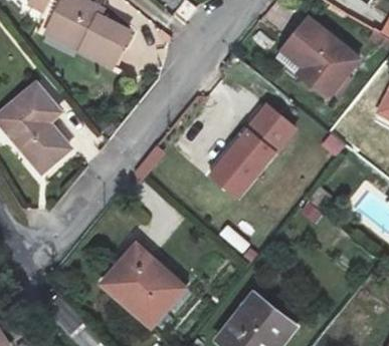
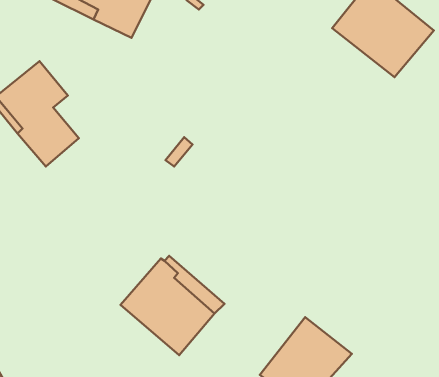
building: [210,105,294,197] -> none

